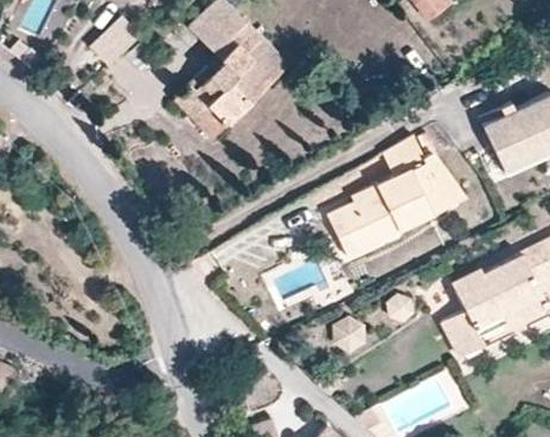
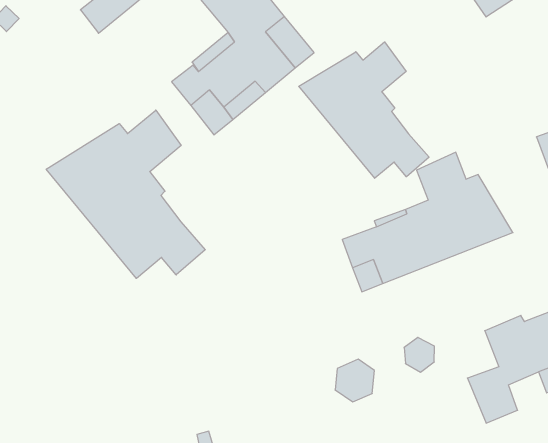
building: none -> [299,42,429,178]
building: none -> [46,110,205,278]

